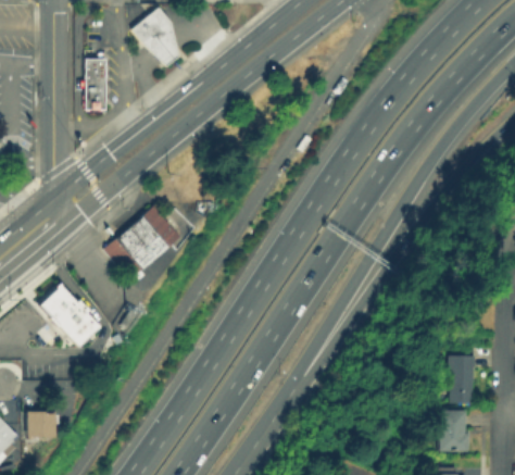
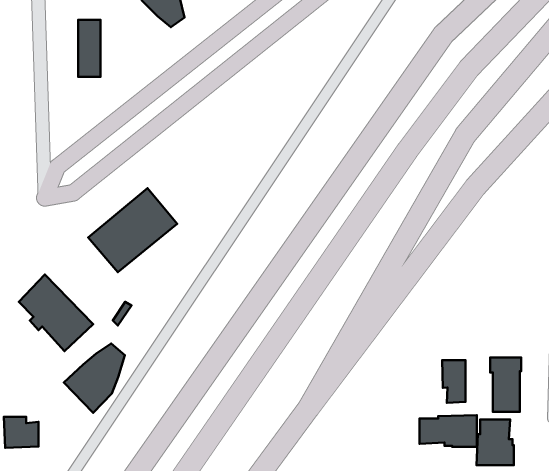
building: none -> [64,344,125,413]
building: none -> [442,360,465,403]
building: none -> [420,415,477,447]

